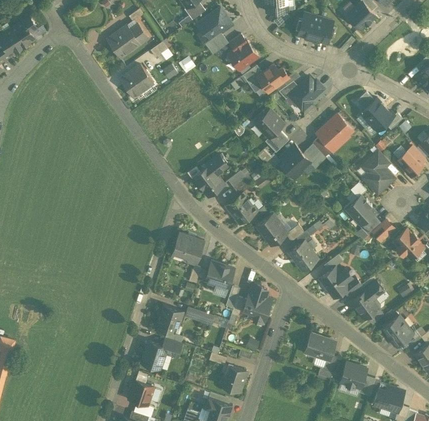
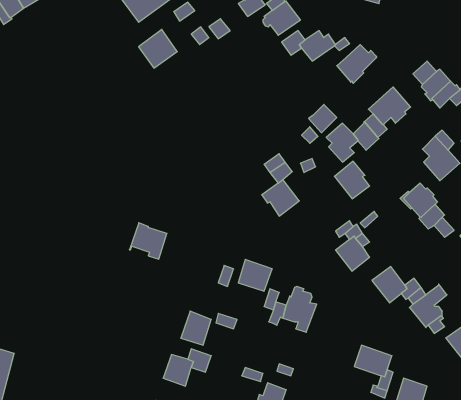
building: [255,110,284,138] -> none
building: [194,155,228,197] -> none
building: [256,215,286,247] -> [334,161,370,199]
building: [171,233,203,264] -> [129,223,167,259]

